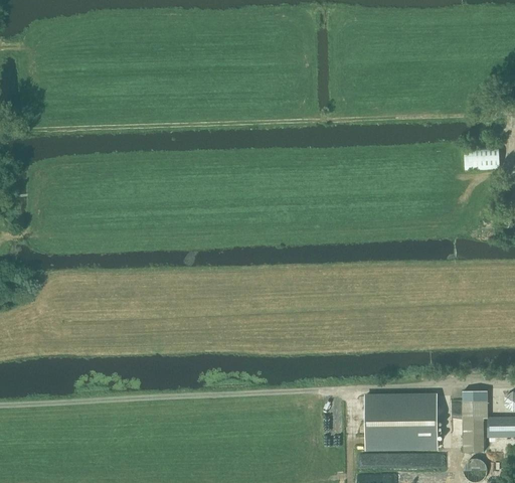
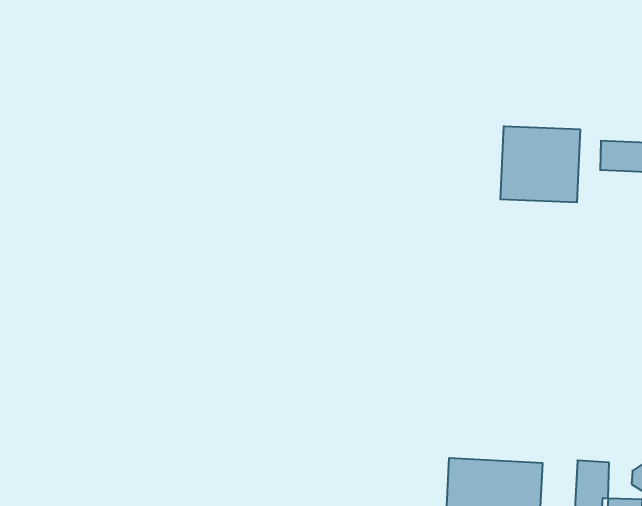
building: none -> [501,126,580,202]

